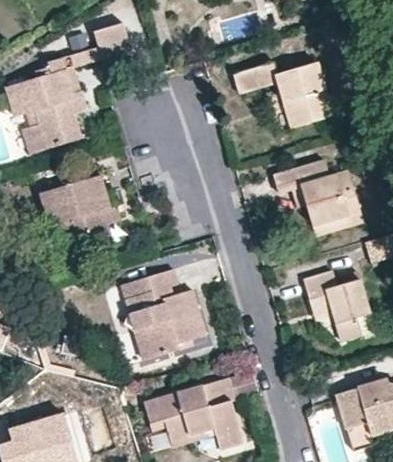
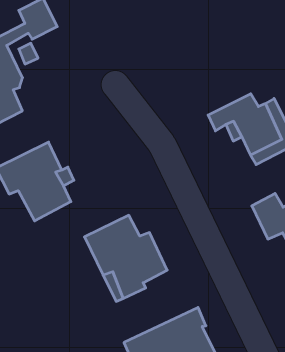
building: [233,61,332,127] -> none

